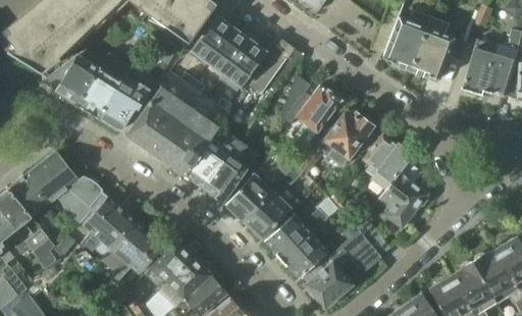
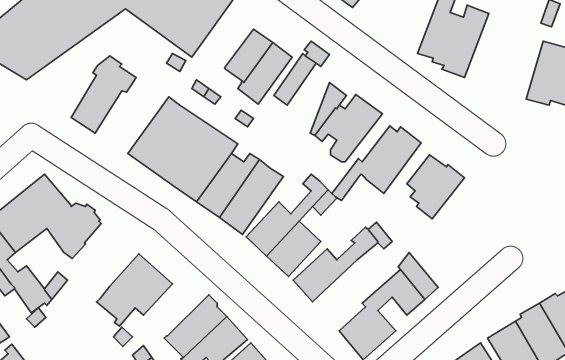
building: [411,16,466,78] -> none
building: [189,17,232,66] -> none
building: [44,50,101,104] -> none
building: [99,76,150,130] -> none
building: [379,163,427,228] -> none
building: [80,194,136,257] -> none
building: [282,224,328,278] -> none
building: [149,238,195,288] -> none

